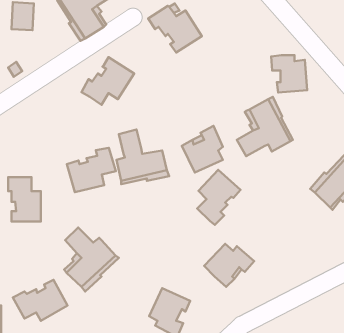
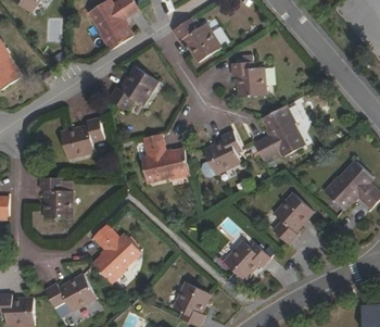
building: [271,55,307,93] -> [232,62,266,97]
building: [67,148,116,192] -> [60,117,105,159]
building: [197,170,240,225] -> [273,192,313,243]

